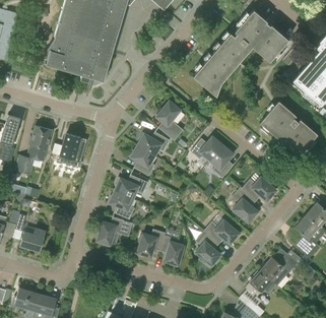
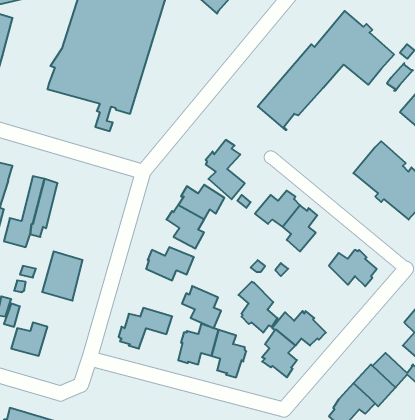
building: [58,133,86,168] -> [42,251,83,301]
building: [231,187,258,222] -> [238,282,278,333]
building: [107,190,134,219] -> [182,286,221,328]

